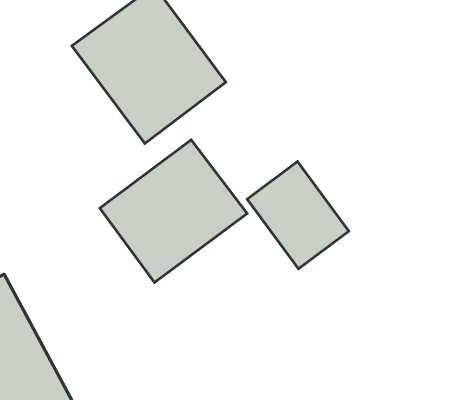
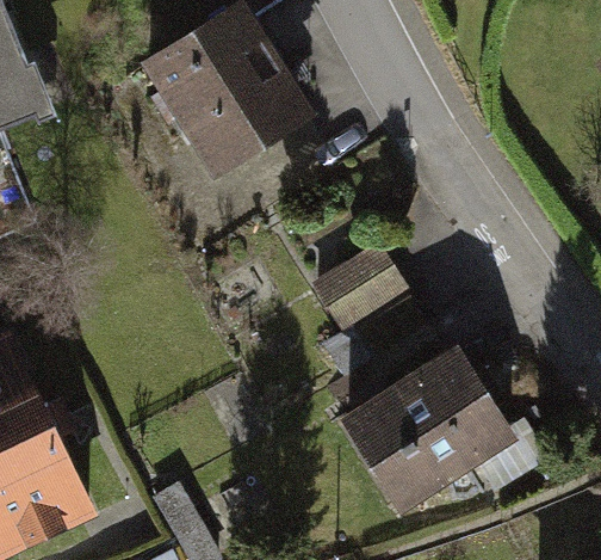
building: [100,140,247,282] -> none
building: none -> [334,341,508,506]

